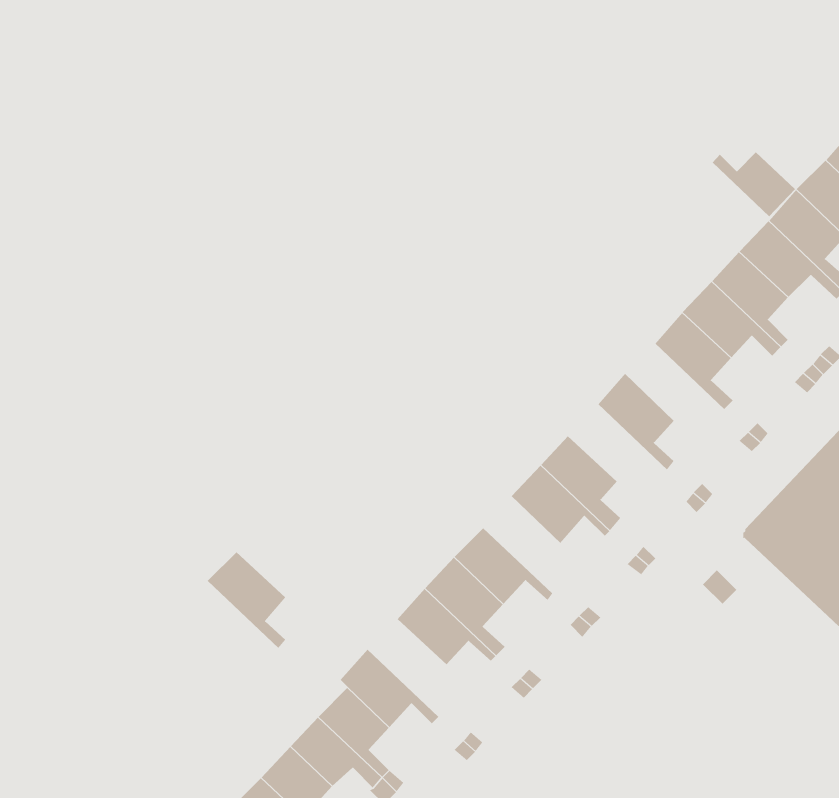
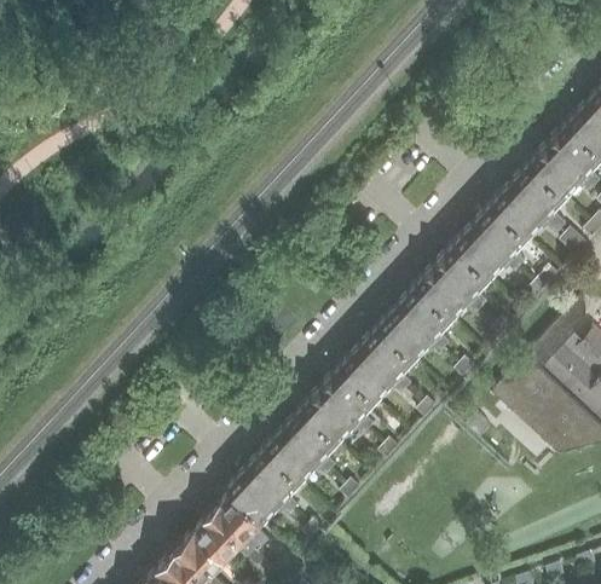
building: [712,151,796,217] -> none
building: none -> [417,265,482,316]
building: none -> [380,305,445,355]
building: none -> [324,365,378,429]
building: [207,551,286,649] -> [248,446,300,510]

